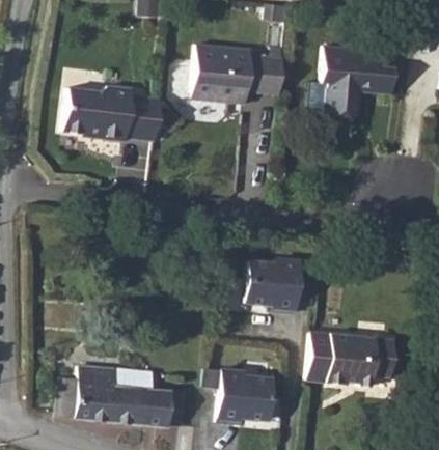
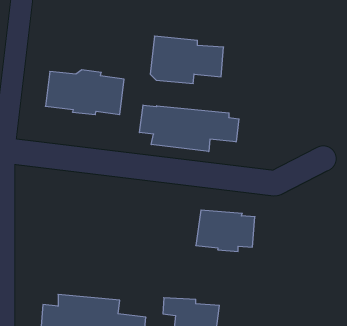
building: [321,45,392,126] -> none
building: none -> [139,105,239,152]
building: [308,330,395,385] -> none

